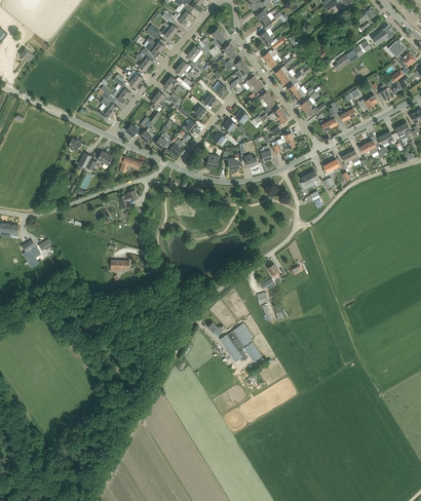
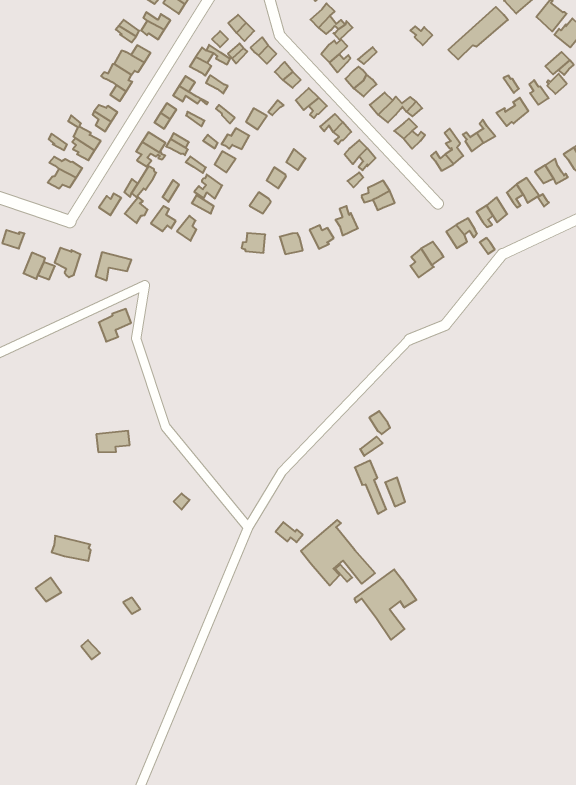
building: none -> [355,569,416,640]

